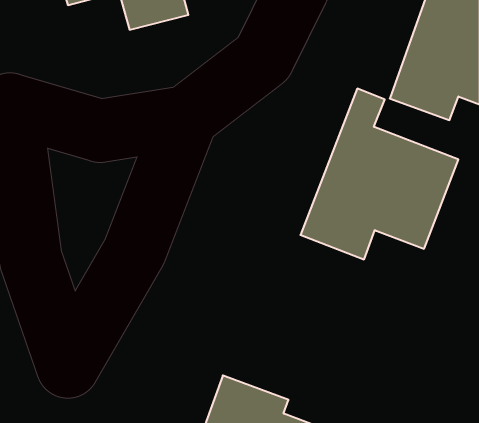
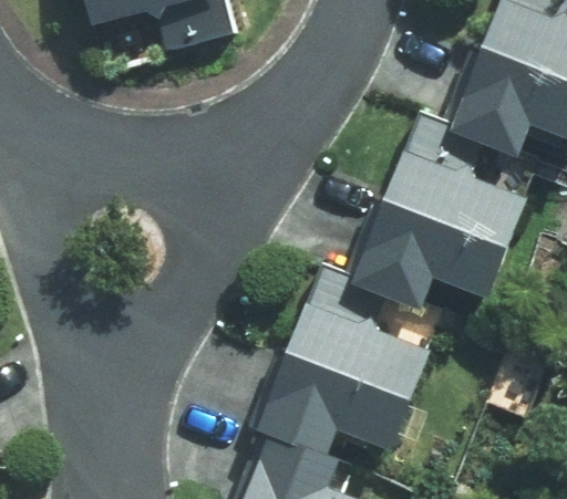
building: none -> [257,269,435,454]

